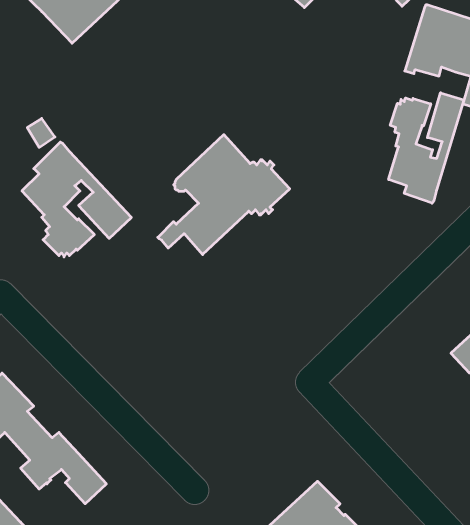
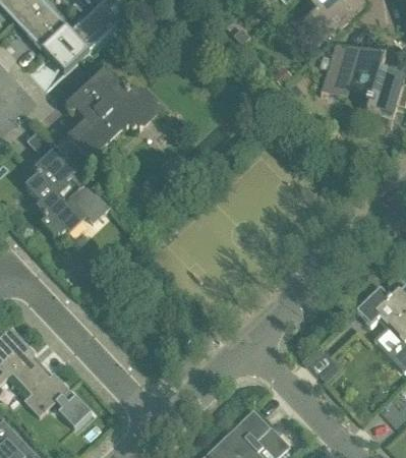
building: [389,93,464,203] -> none
building: [158,135,290,255] -> [54,67,156,160]

